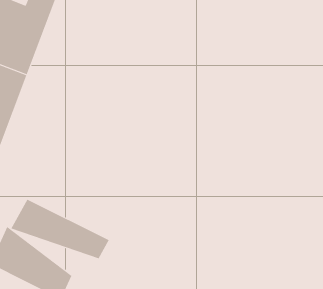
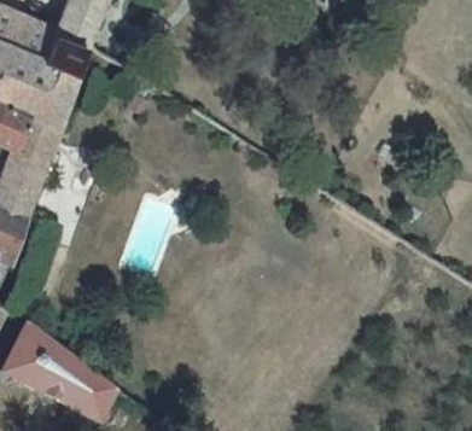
building: [11,199,110,259] -> none

